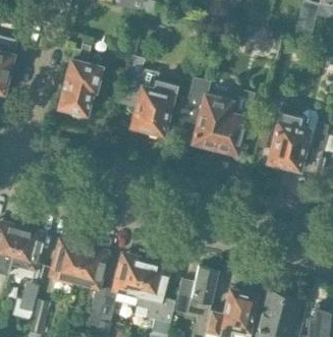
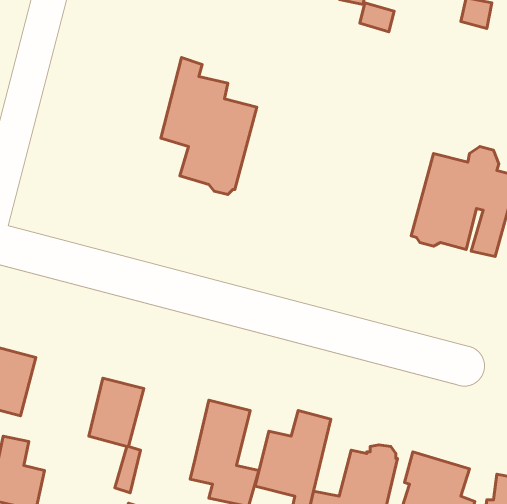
building: [59,44,102,117] -> none
building: [182,77,256,156] -> none
building: [51,240,84,281] -> none
building: [100,254,147,317] -> none

